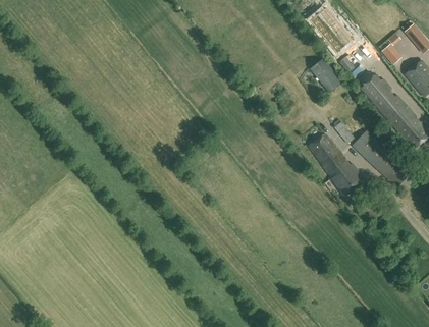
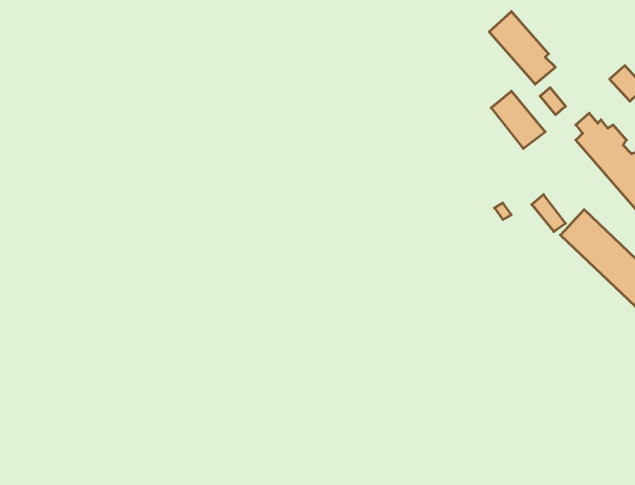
building: [309,134,365,196] -> none

